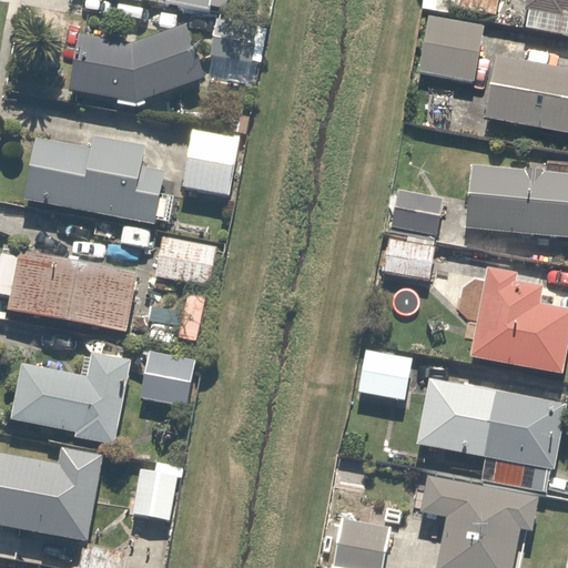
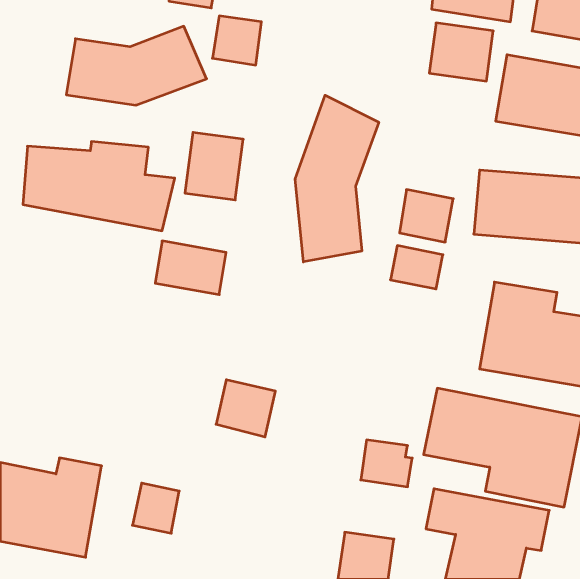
building: none -> [295,95,379,262]
building: [11,252,143,334] -> none
building: [9,347,131,446] -> none
building: [359,351,409,396] -> [361,440,412,487]
building: [140,353,197,408] -> [216,380,275,437]

